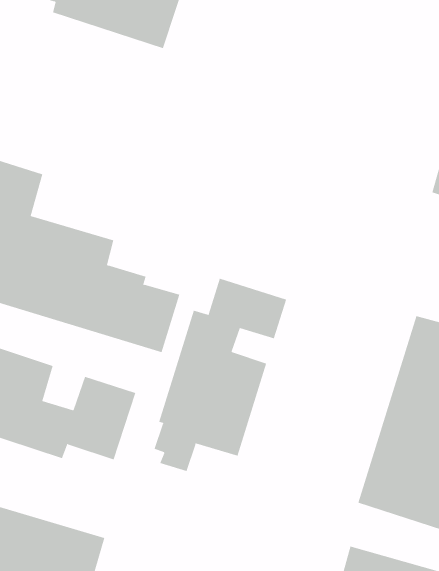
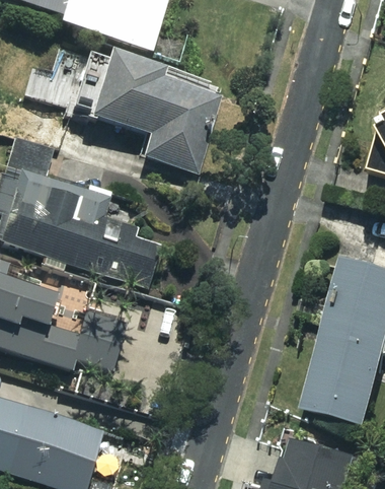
building: none -> [91,48,219,168]
building: [154,278,287,472] -> none

